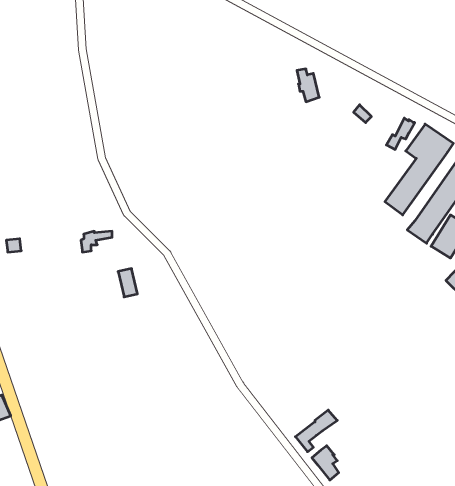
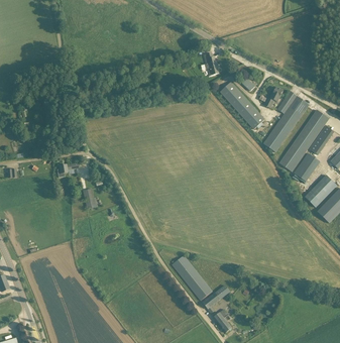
building: none -> [219,82,264,129]
building: none -> [172,255,212,300]

